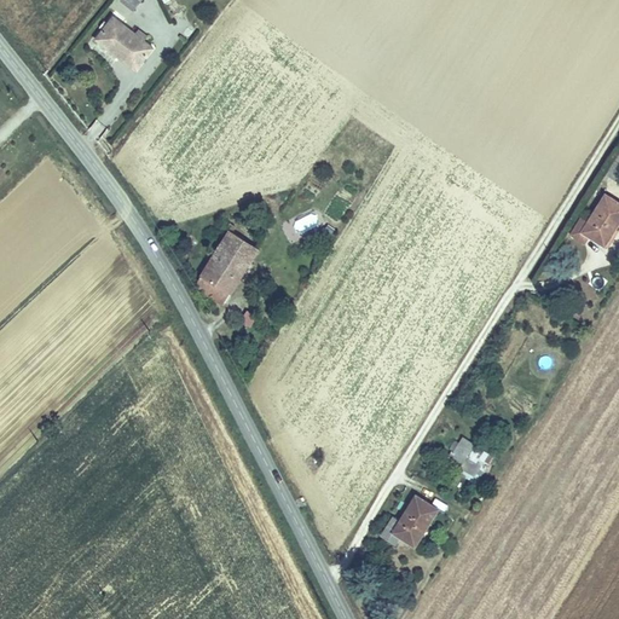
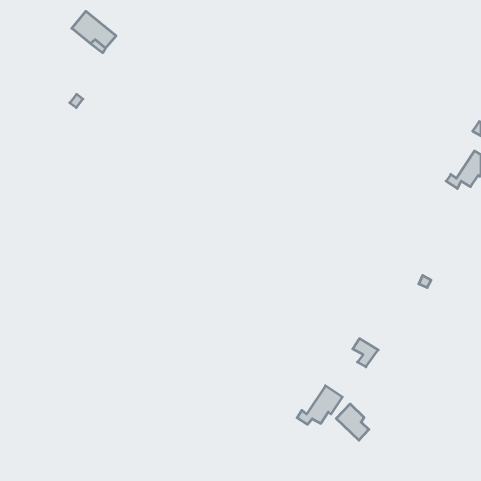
building: [196,231,255,300] -> none
building: none -> [336,404,369,440]

